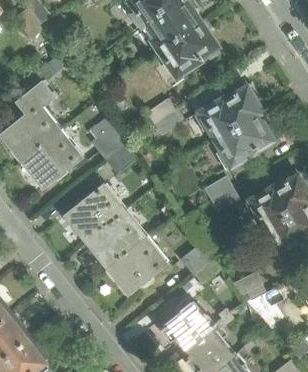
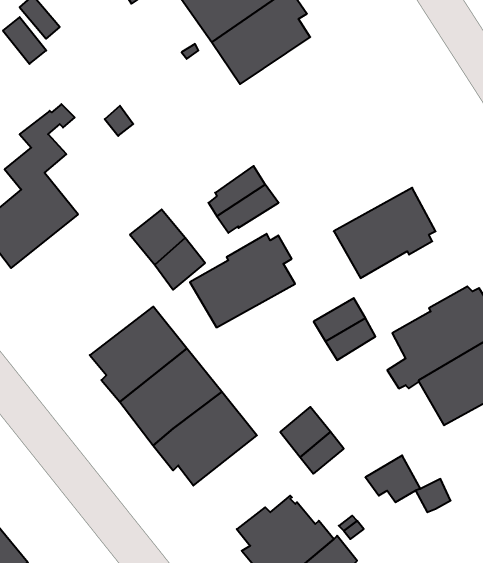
building: [157,23,216,77] -> none
building: [197,83,260,139] -> [190,234,295,327]
building: [20,129,82,184] -> none

